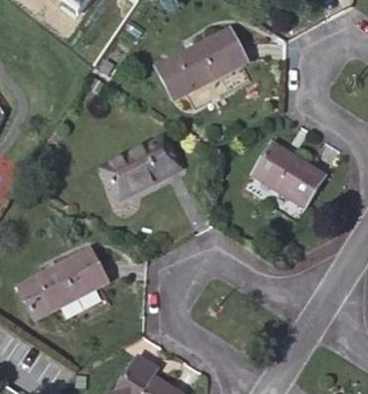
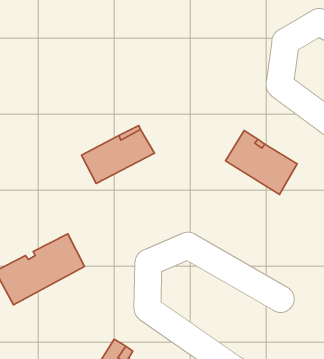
building: [154,26,248,100] -> none

